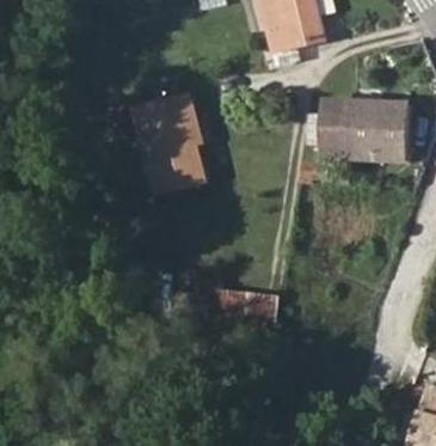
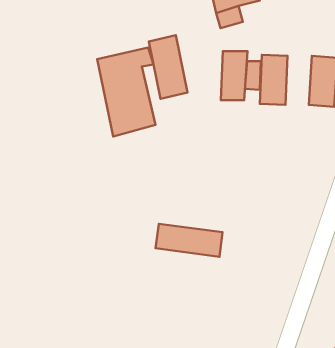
building: none -> [149,35,188,99]
building: [350,102,380,157] -> [221,51,247,100]

